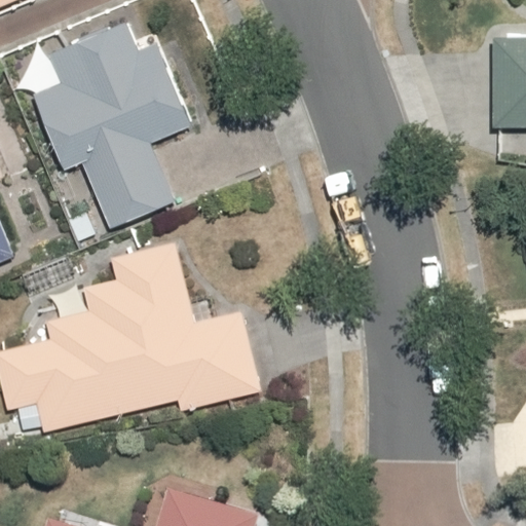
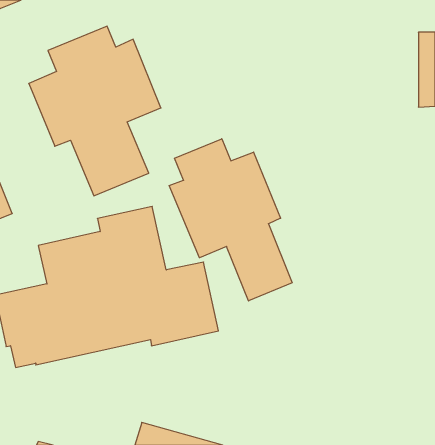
building: none -> [169,139,292,301]

